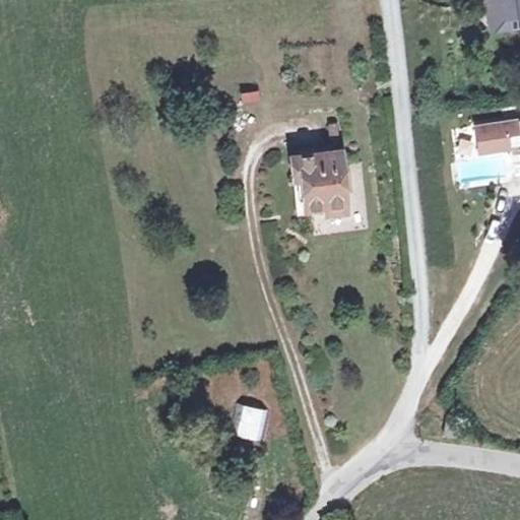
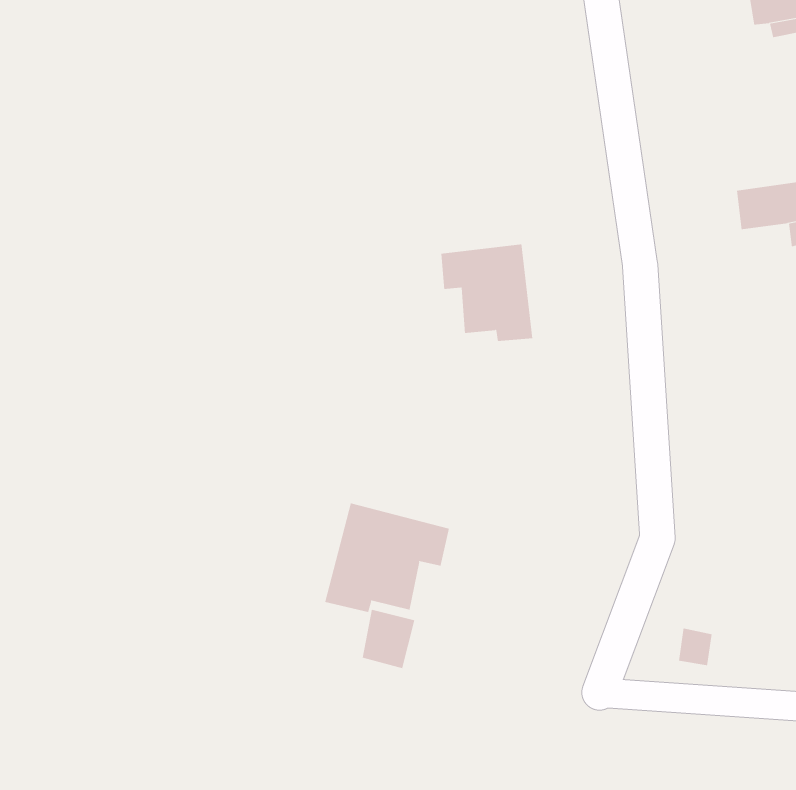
building: none -> [325,503,449,613]

